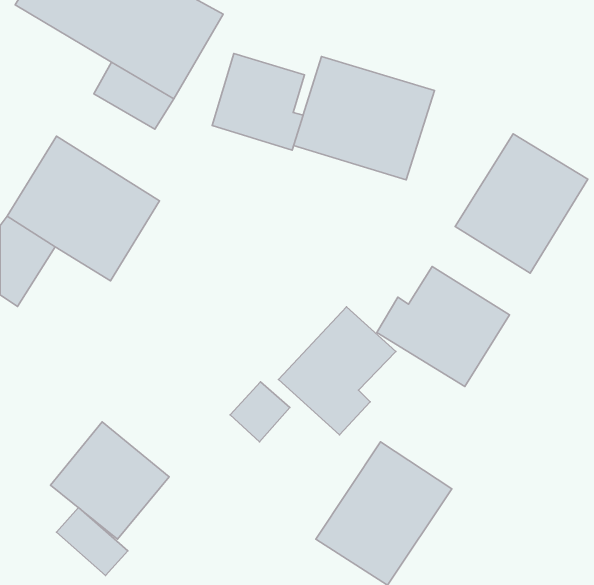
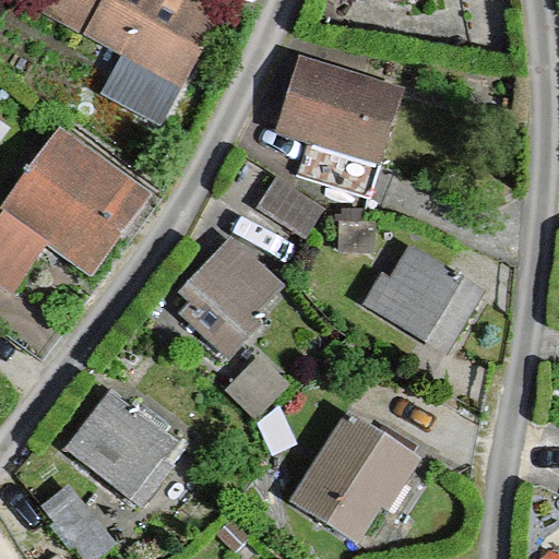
building: [212,53,304,150] -> none
building: [455,134,588,273] -> none
building: [279,307,396,435] -> [162,238,271,357]

